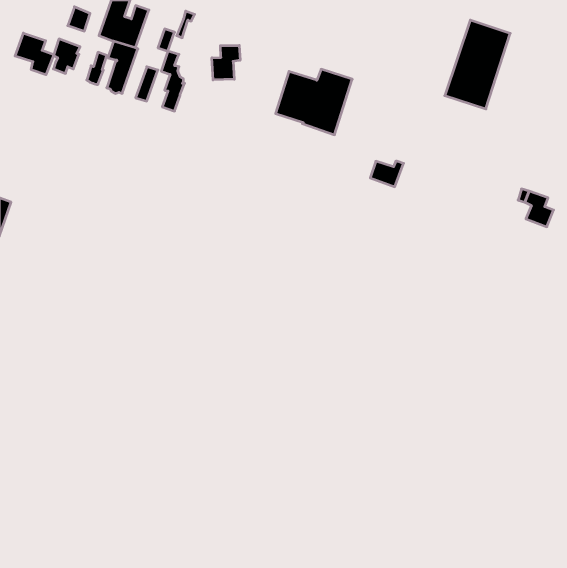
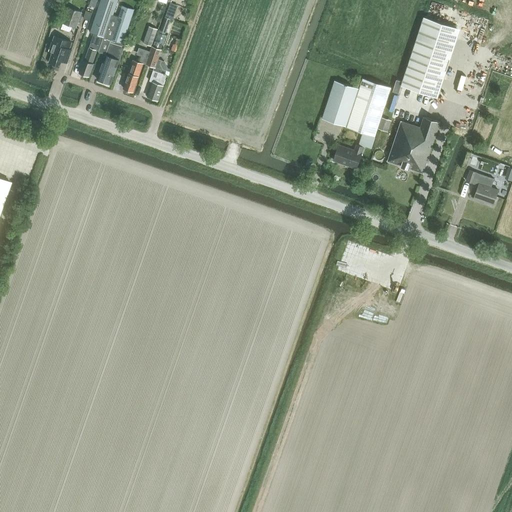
building: [15,33,54,75] -> none
building: [212,45,240,80] -> none
building: [276,69,352,135] -> [321,78,390,137]
building: none -> [386,116,439,172]

